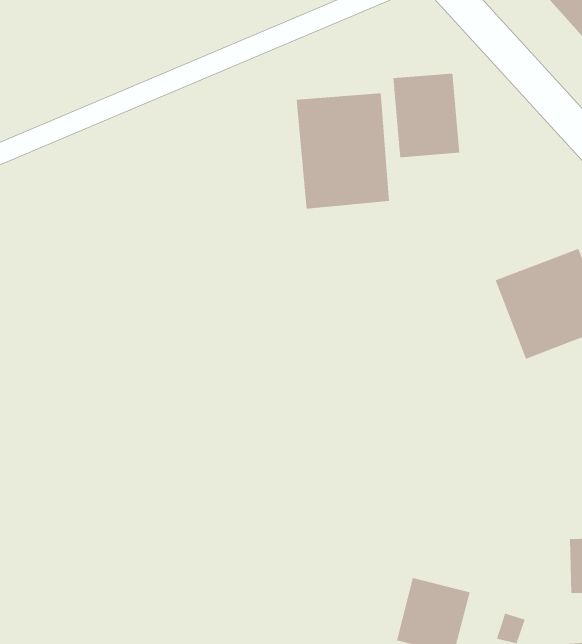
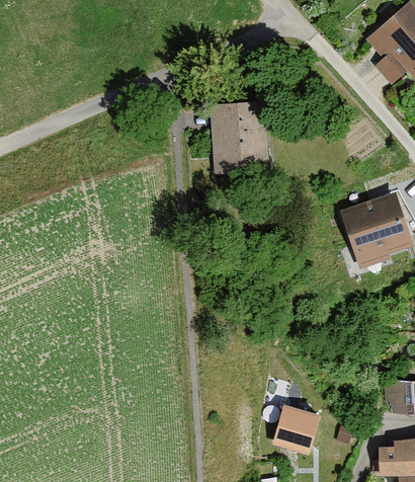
building: [393,73,460,158] -> none

